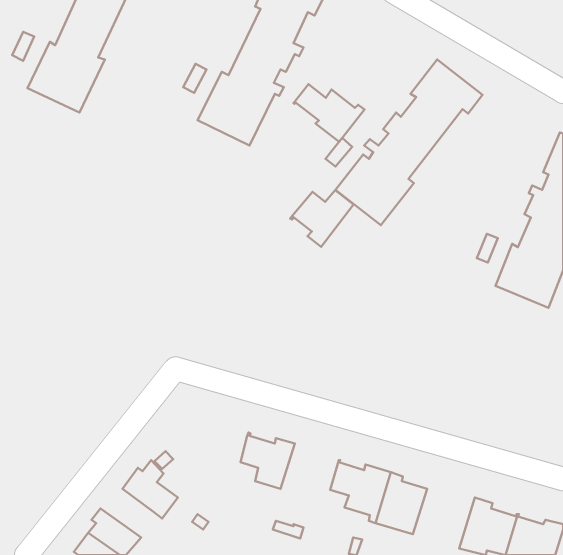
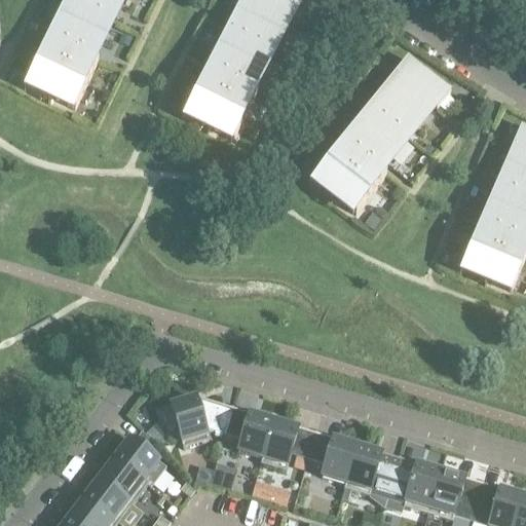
building: [294,84,364,142] -> none
building: [290,190,354,247] -> none
building: none -> [161,394,230,444]
building: none -> [260,413,315,467]
building: none -> [384,453,442,511]
building: none -> [93,455,147,500]

